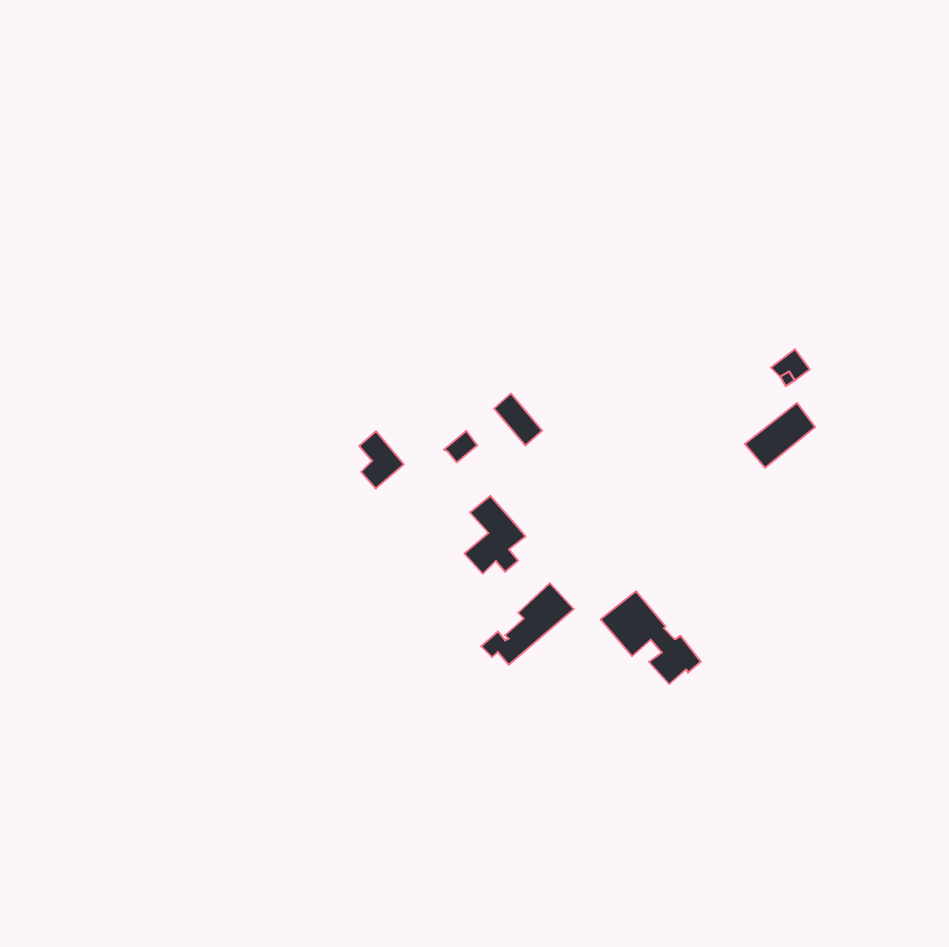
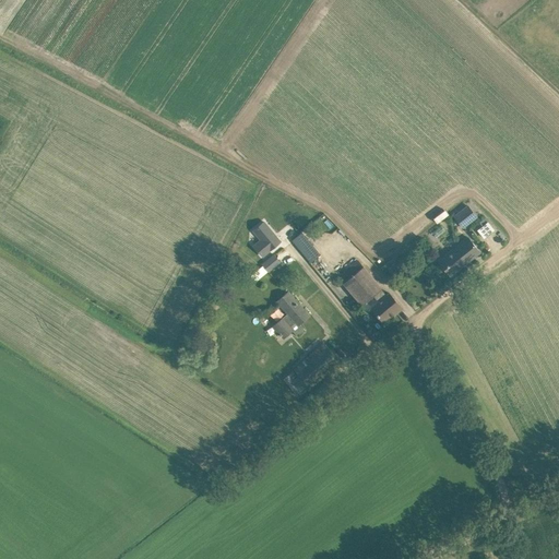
building: [359,431,404,489] -> [253,223,280,257]
building: [601,591,701,684] -> [343,267,402,322]

